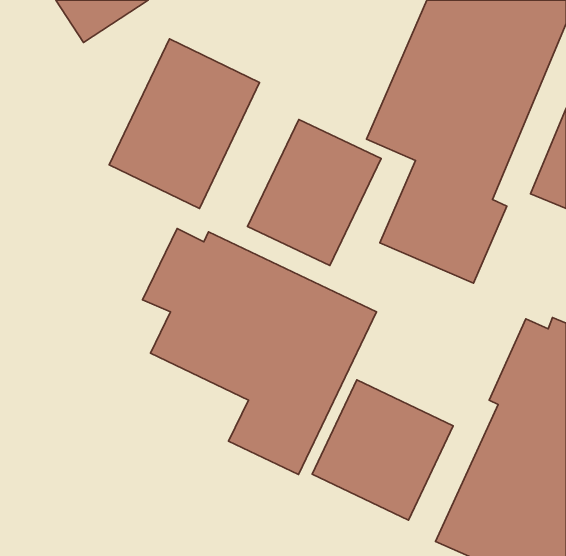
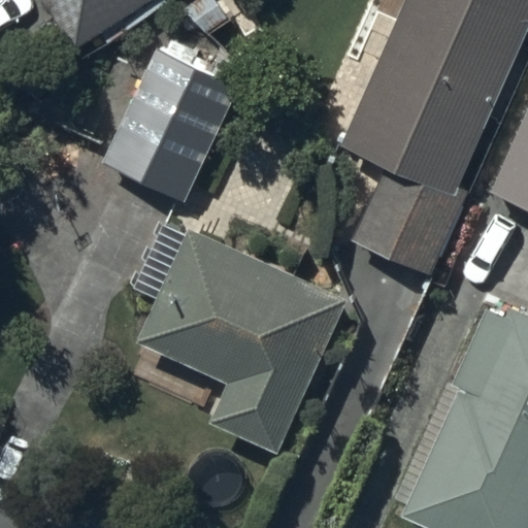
building: [248,119,381,265] -> none
building: [312,380,453,520] -> none

